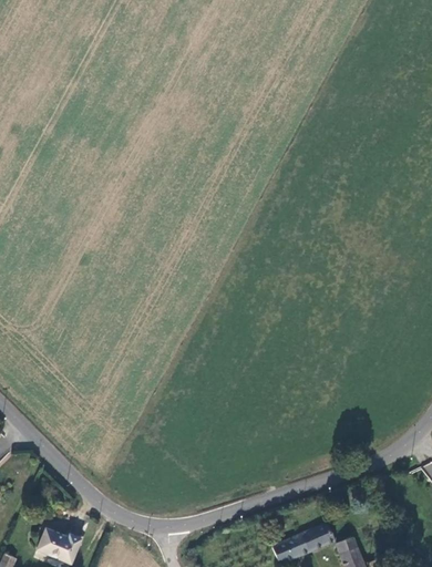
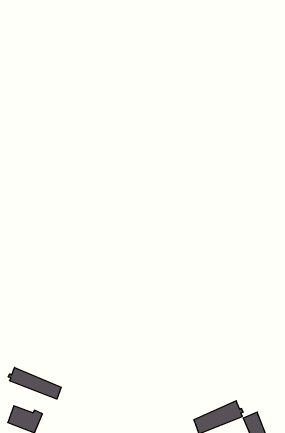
building: none -> [8,367,61,399]

